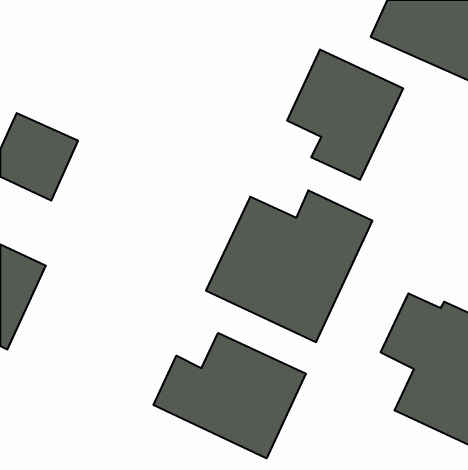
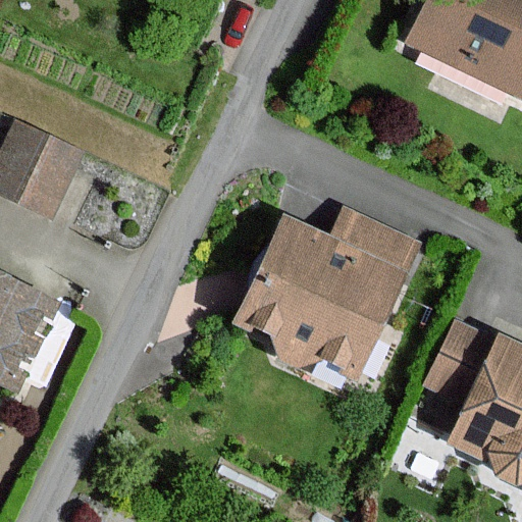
building: [287,49,403,180] -> none
building: [154,333,306,458] -> none

